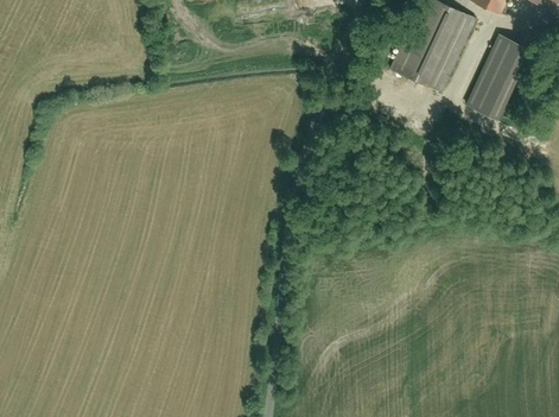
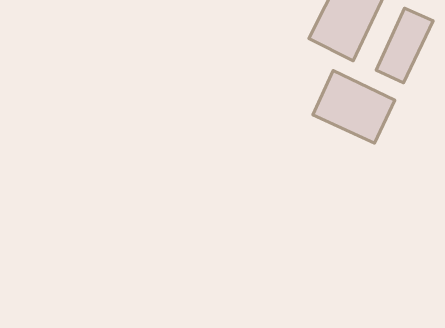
building: none -> [313,70,395,143]

